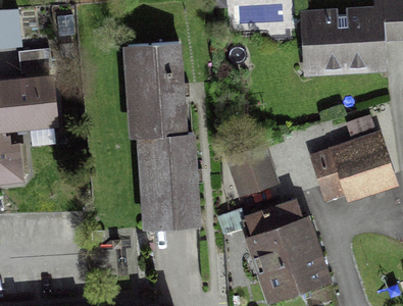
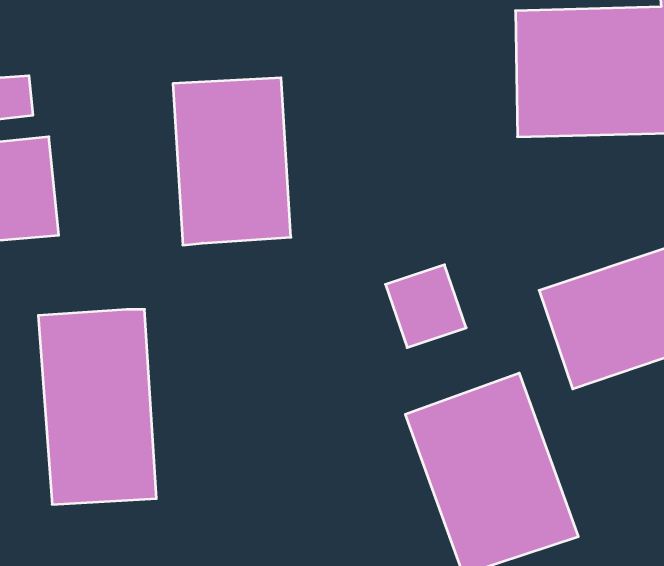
building: [138,129,199,230] -> [38,309,156,504]

